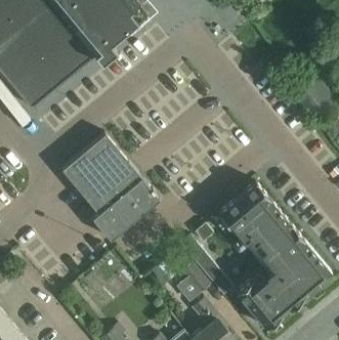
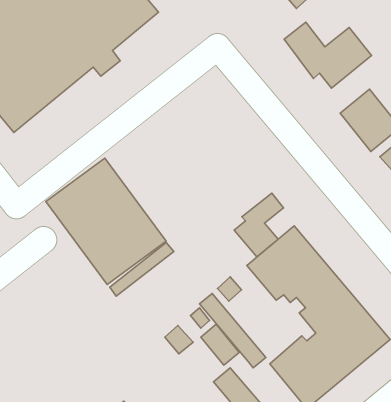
building: none -> [284,22,372,88]
building: none -> [234,193,283,257]

